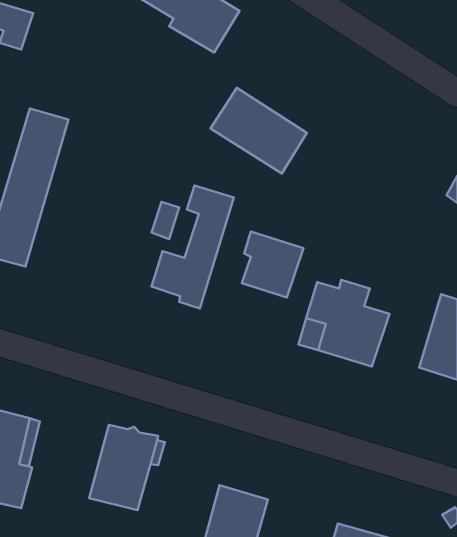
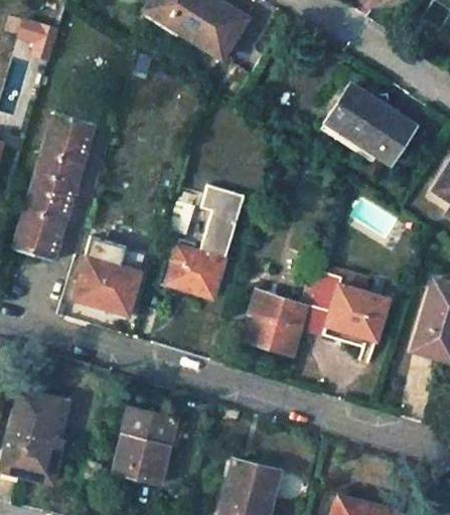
building: [211,88,307,173] -> [329,85,418,164]
building: [242,232,303,298] -> [248,291,304,351]
building: none -> [72,238,139,314]

